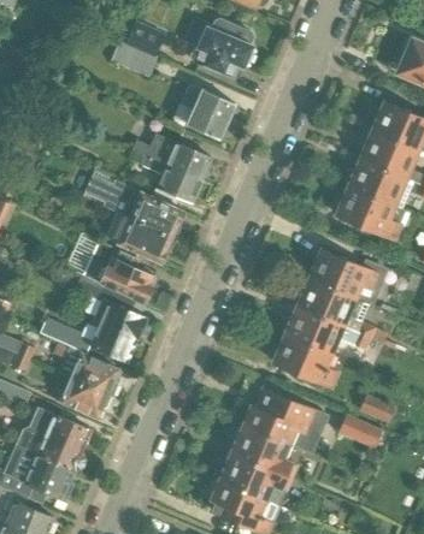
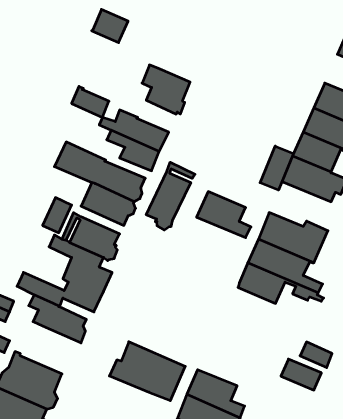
building: [192,17,253,76] -> none
building: [111,41,153,76] -> [72,86,109,117]
building: none -> [260,146,294,190]
building: none -> [146,162,195,230]
building: [275,333,336,385] -> [197,192,251,238]
building: [54,376,111,416] -> none
building: [242,387,328,453] -> [109,342,185,401]

